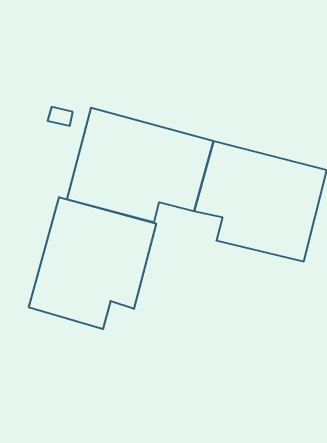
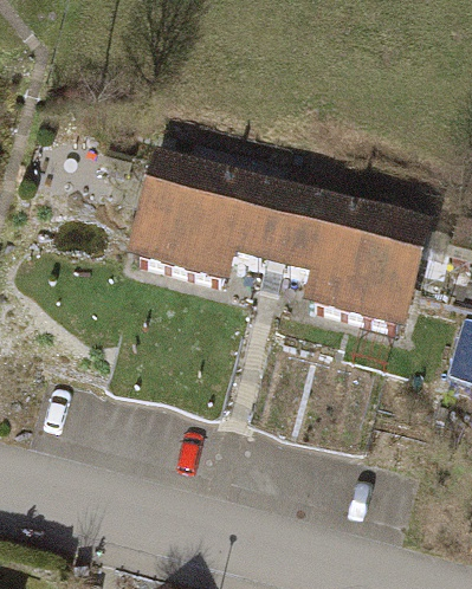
building: [29,197,156,329] -> none

